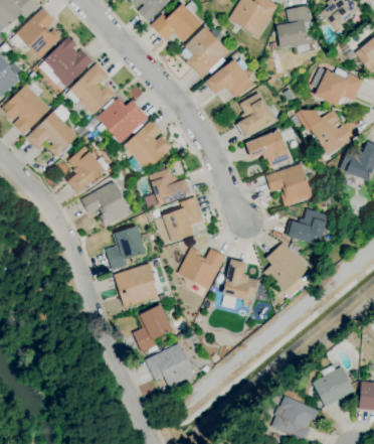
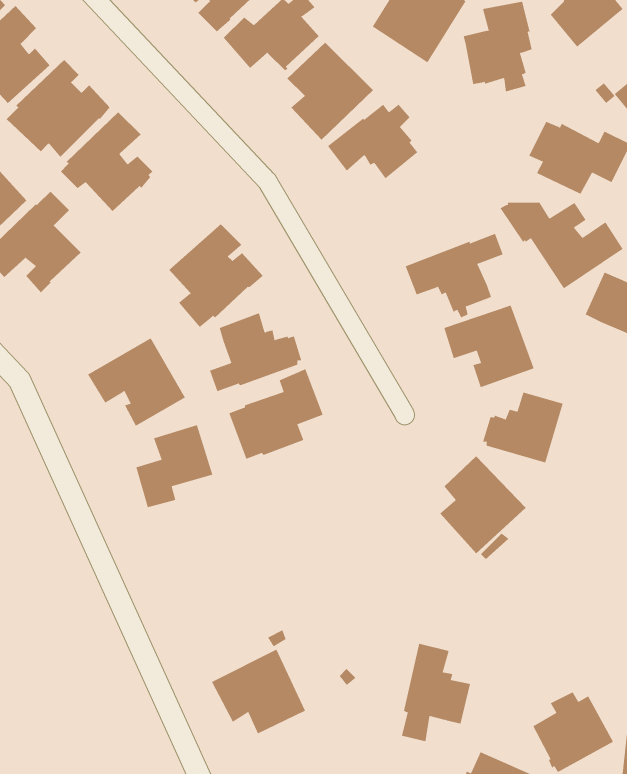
building: [236,92,274,137] -> none
building: [90,98,148,147] -> none
building: [67,146,110,193] -> none
building: [177,247,225,289] -> none
building: [221,259,257,310] -> [401,643,471,742]
building: [114,263,159,308] -> none
building: [133,304,173,352] -> none

